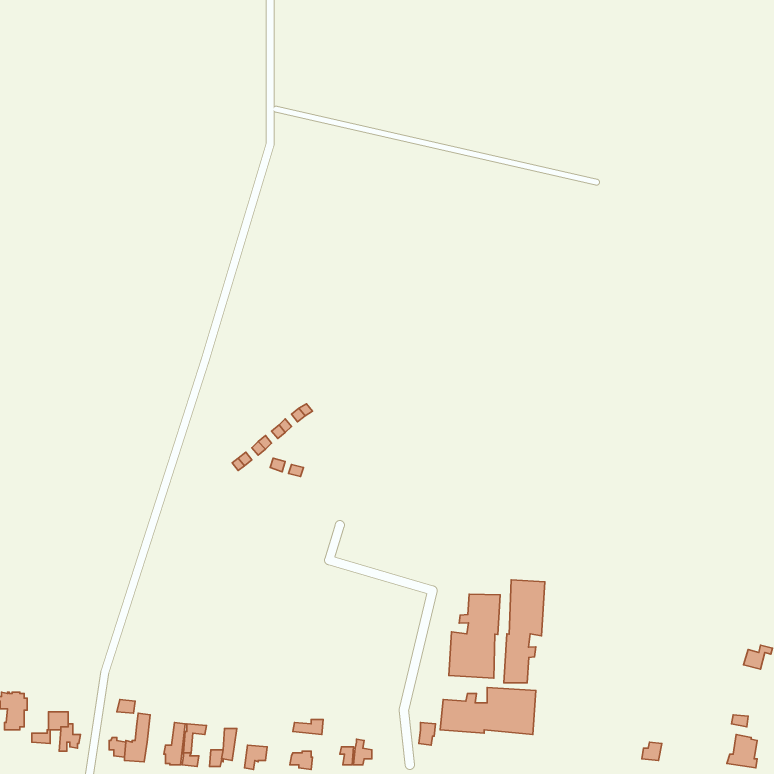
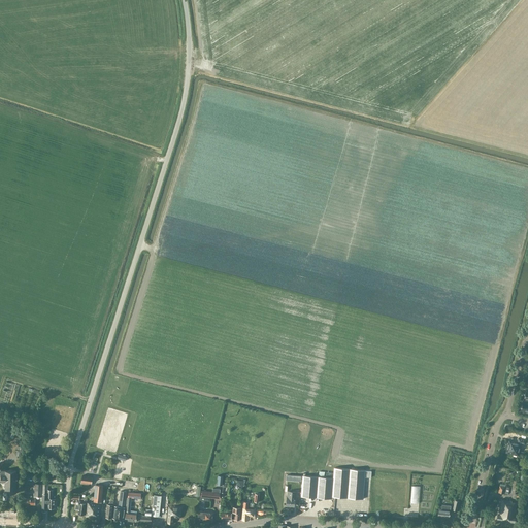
building: [504,580,545,683] -> none
building: [449,594,500,678] -> none

